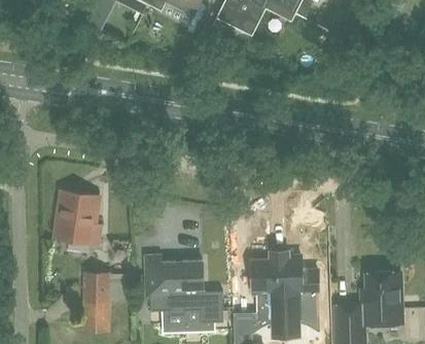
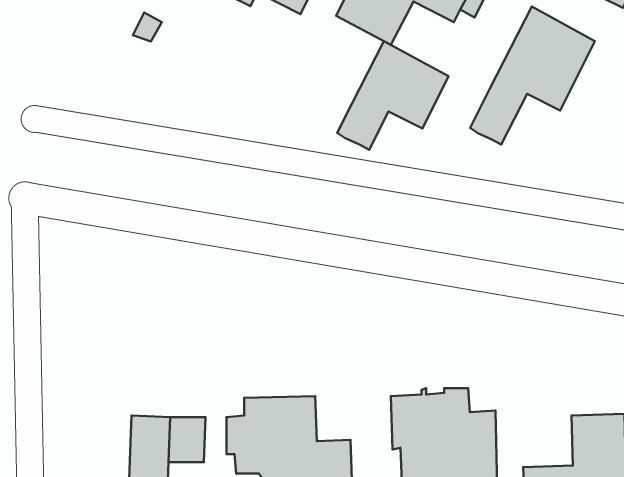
building: none -> [470,7,595,144]
building: none -> [337,41,449,150]
building: [55,190,101,244] -> none

